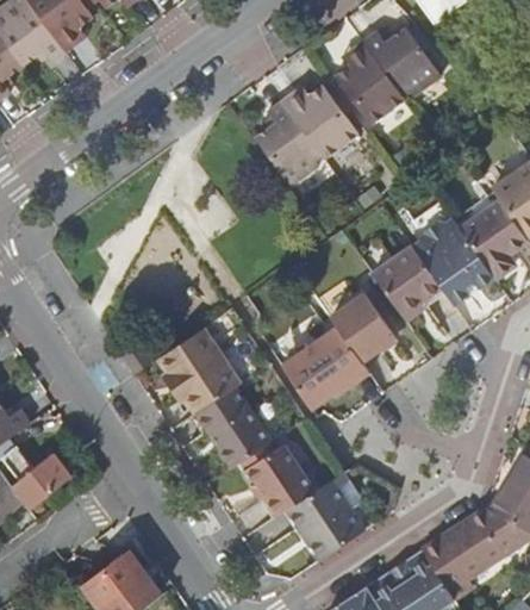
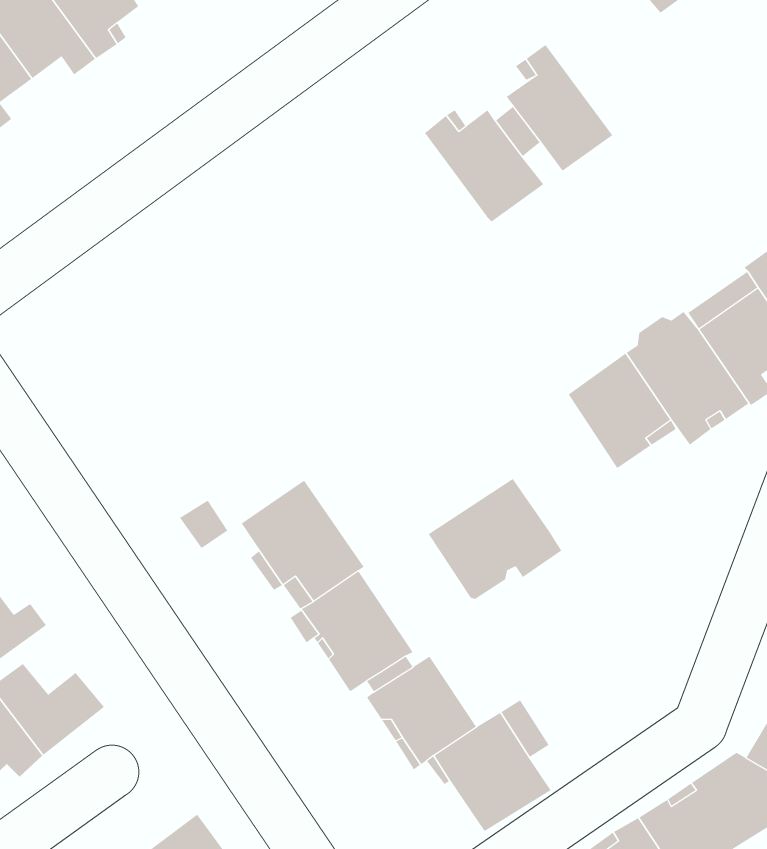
building: [360,27,438,97] -> none
building: [254,100,320,186] -> none
building: [331,293,397,361] -> none

